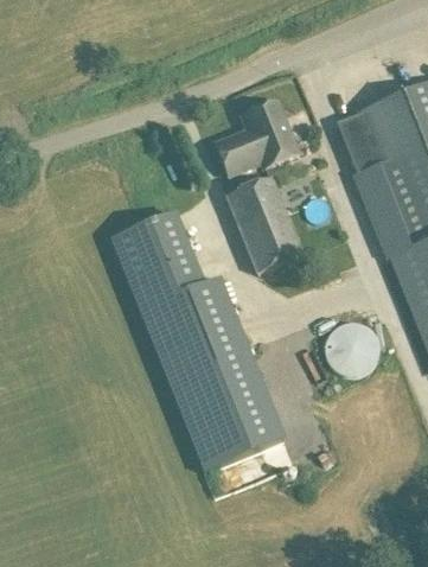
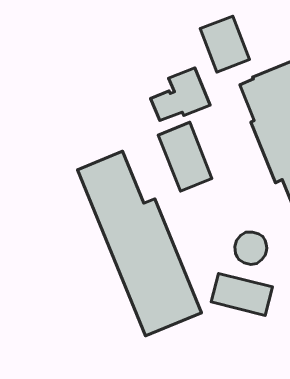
building: none -> [200,16,250,72]
building: none -> [211,273,273,315]

